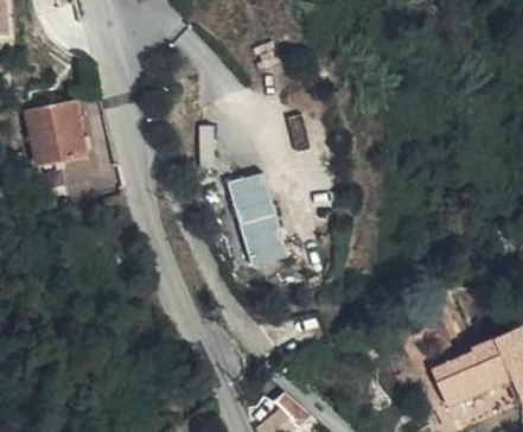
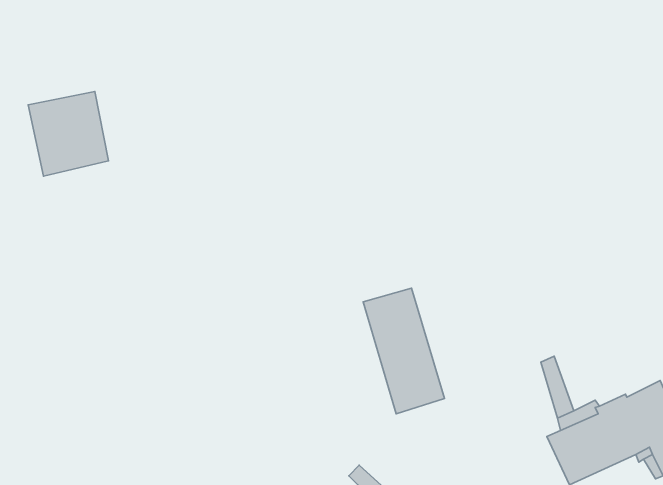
building: [227,169,291,267] -> [363,288,445,414]

